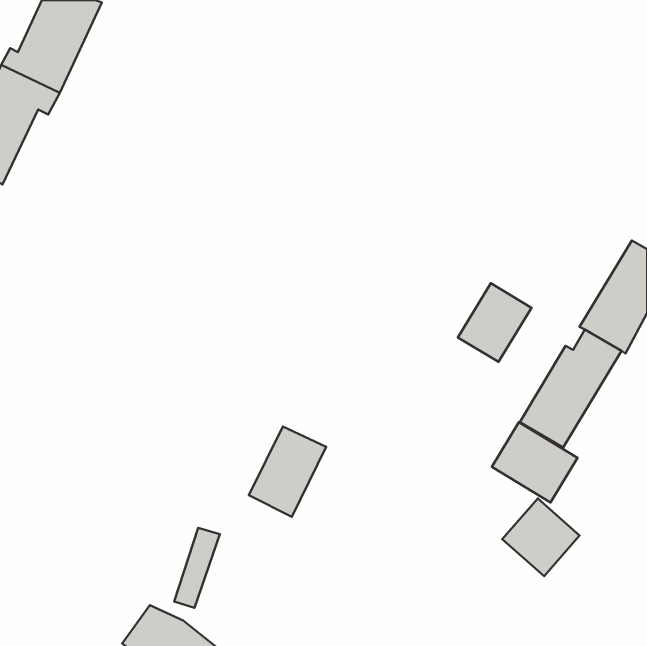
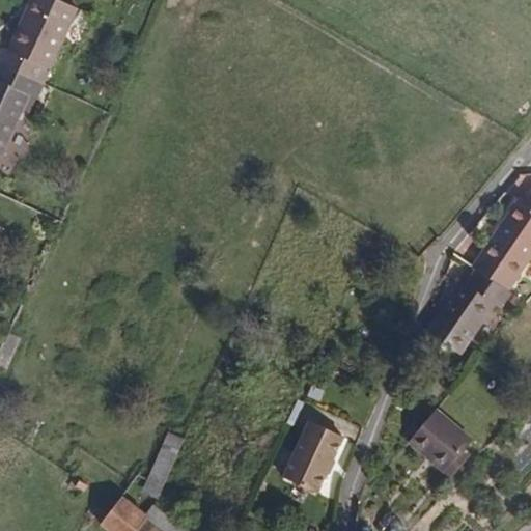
building: [458,283,531,362] -> none
building: [492,422,577,503] -> none
building: [249,427,326,517] -> [284,416,347,490]

